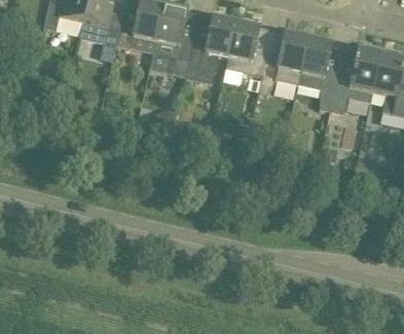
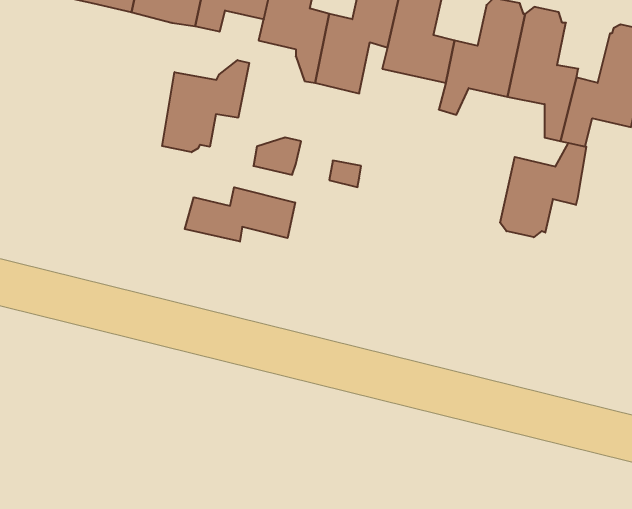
building: none -> [162,60,249,152]
building: none -> [500,143,586,237]
building: none -> [185,187,295,242]

